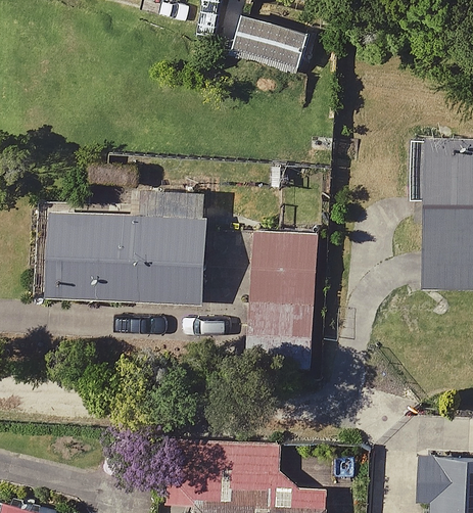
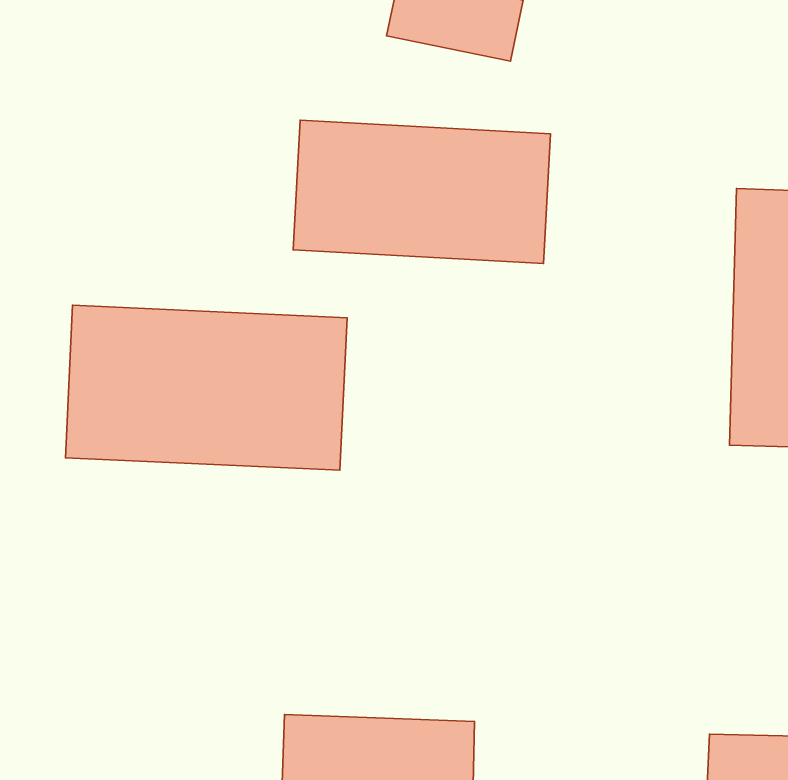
building: none -> [293,120,550,264]
building: [249,234,316,368] -> none

